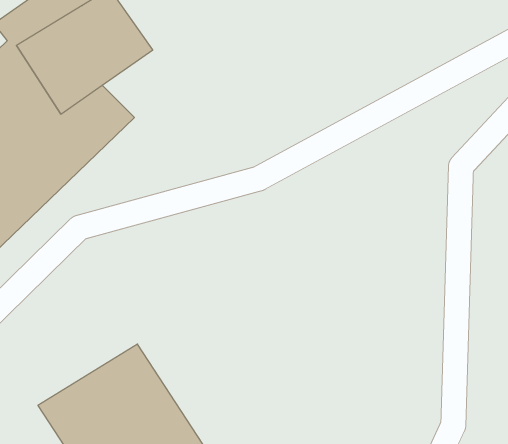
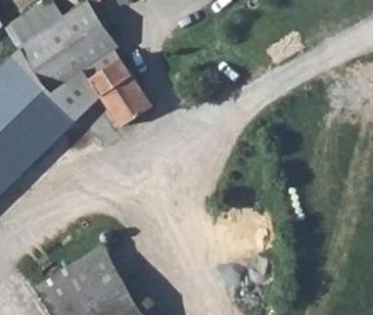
building: none -> [93,64,151,127]

